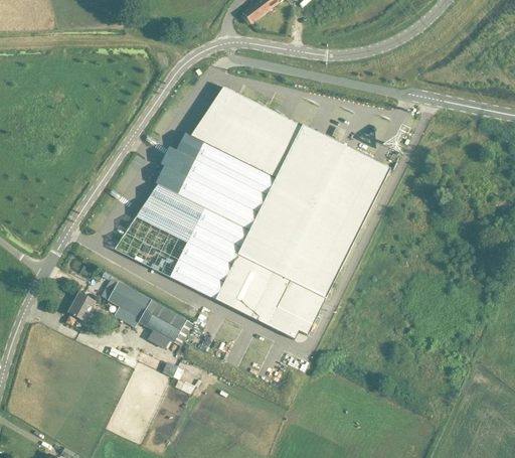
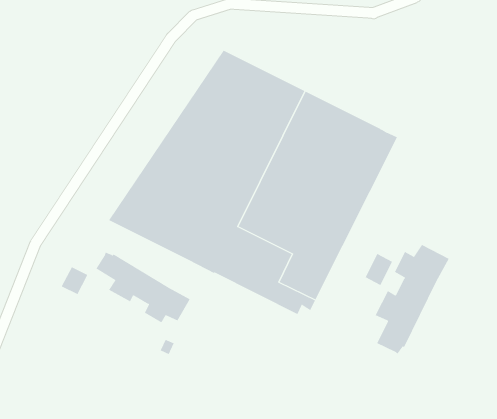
building: none -> [375,244,450,355]
building: none -> [365,253,393,286]

